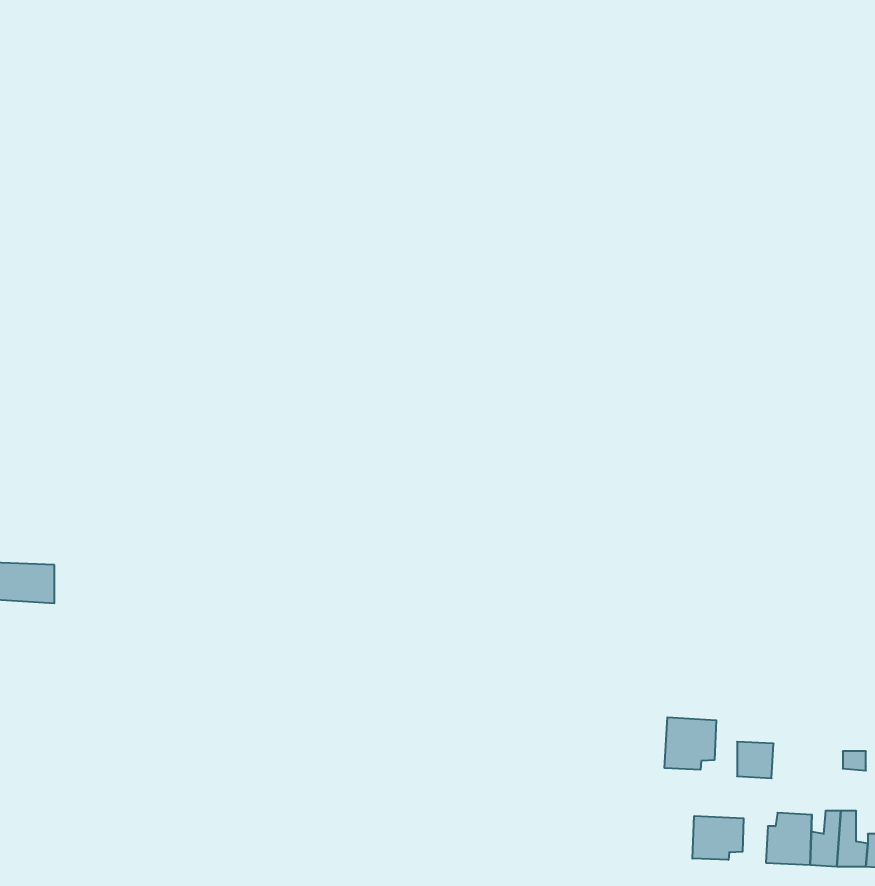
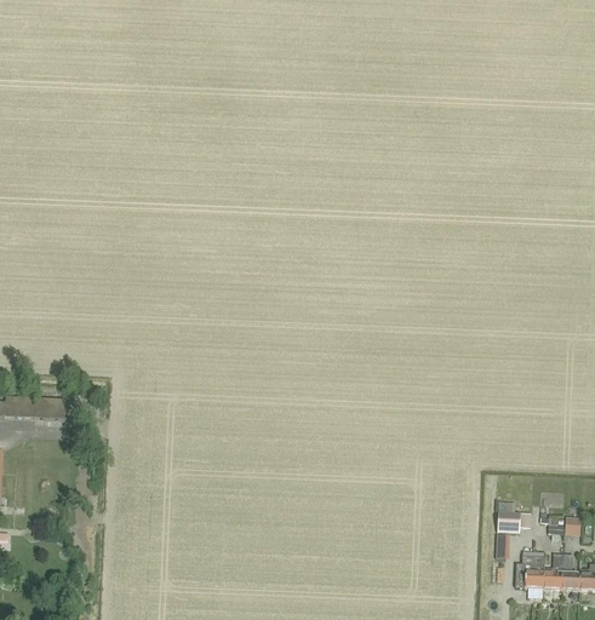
building: [665,717,716,770] -> none
building: [692,816,744,860] -> none

